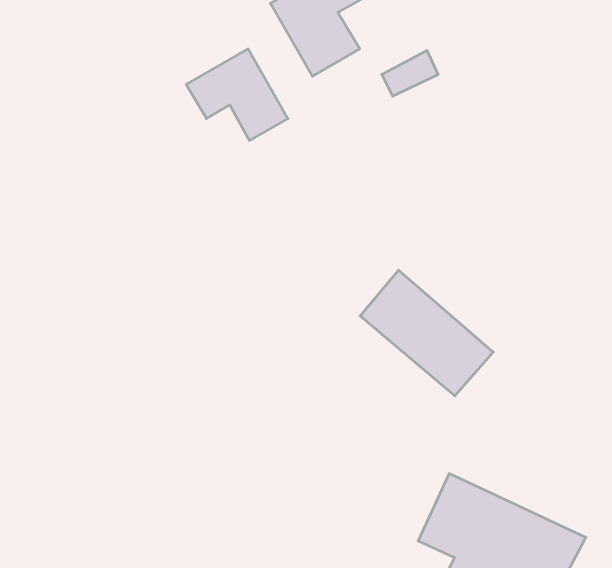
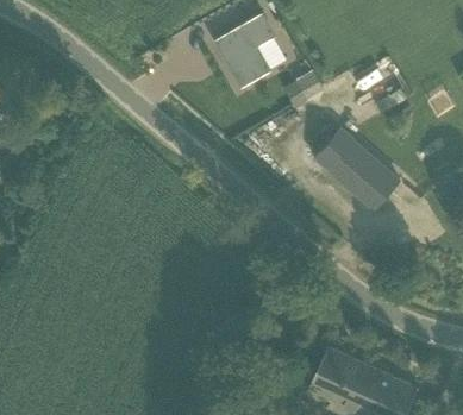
building: [186,49,288,140] -> none
building: [360,270,493,396] -> [313,128,400,210]

